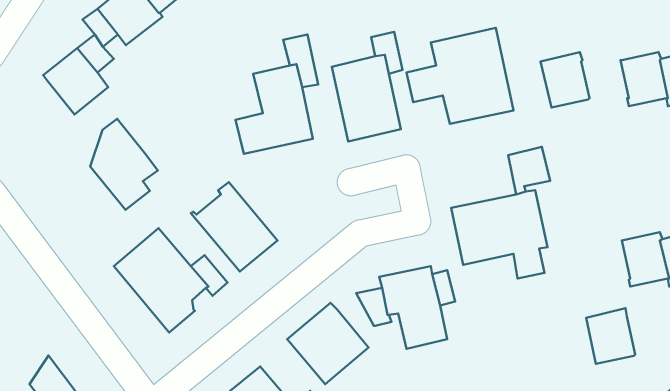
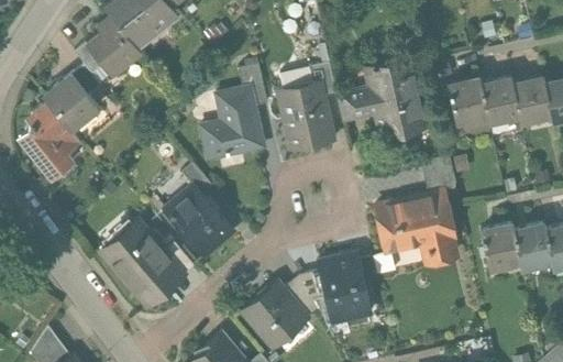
building: none -> [481,78,519,123]
building: [90,119,158,210] -> [25,101,80,175]
building: none -> [283,274,318,318]
building: [586,308,635,364] -> [481,224,520,270]

